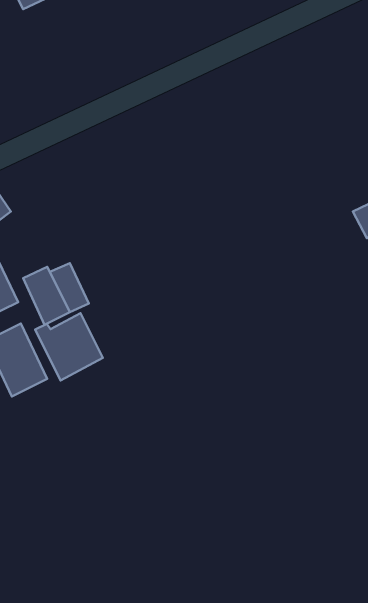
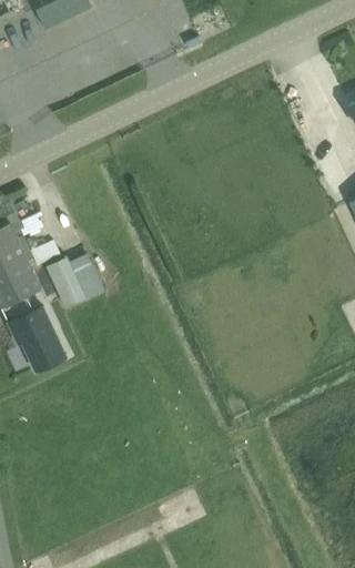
building: [35,313,103,380] -> none

